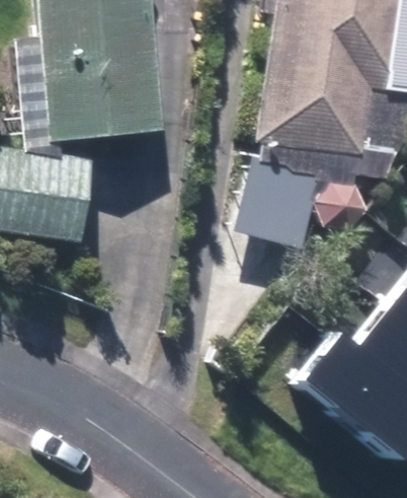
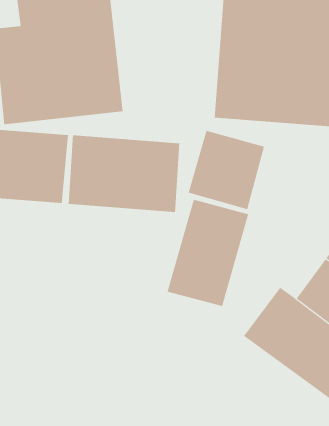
building: none -> [68,134,180,213]
building: none -> [167,199,249,307]

